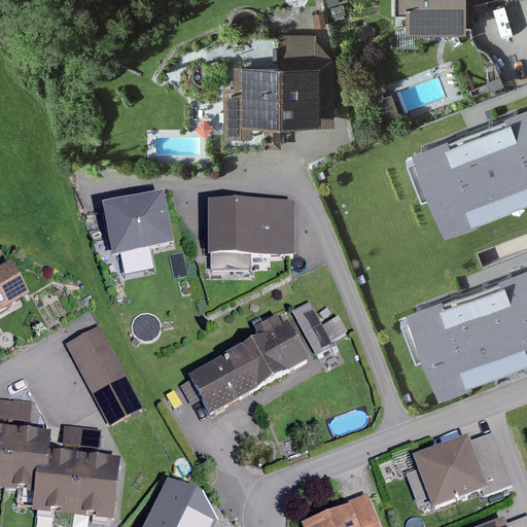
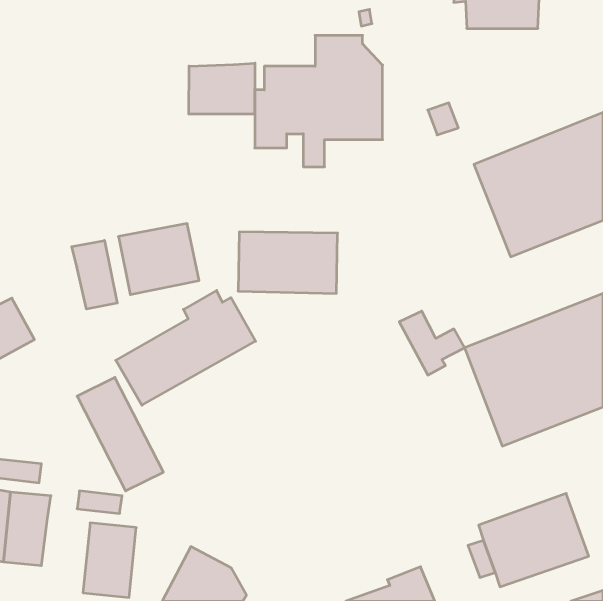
building: none -> [189,63,255,114]
building: none -> [72,240,117,309]
building: [290,300,347,355] -> [399,311,464,375]
building: [187,316,309,416] -> [116,290,256,405]
building: [34,451,78,516] -> none

